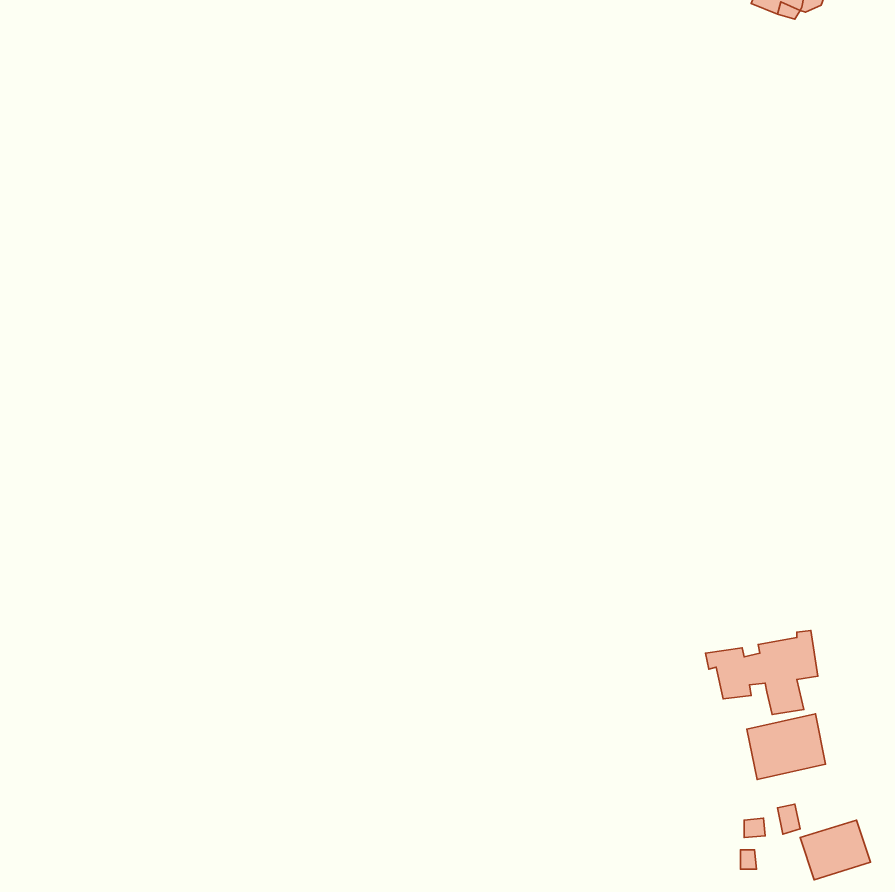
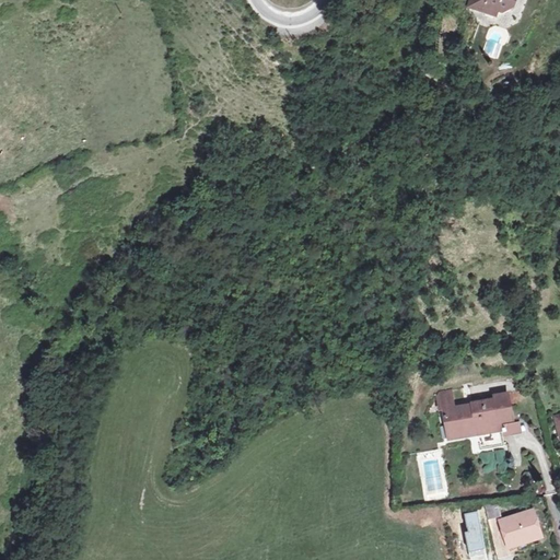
building: [747,714,826,779] -> none

